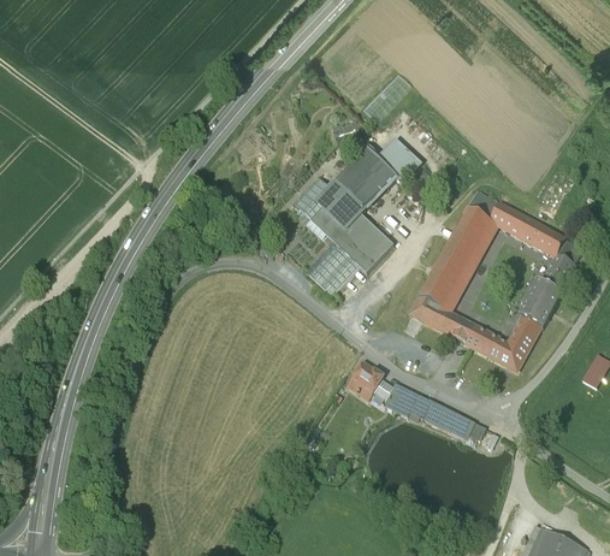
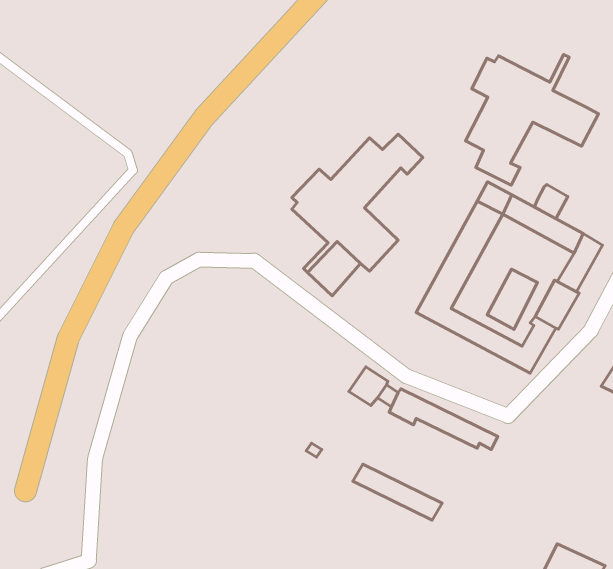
building: none -> [466,54,599,185]
building: none -> [535,184,568,219]
building: none -> [487,269,538,329]
building: none -> [353,464,442,520]

